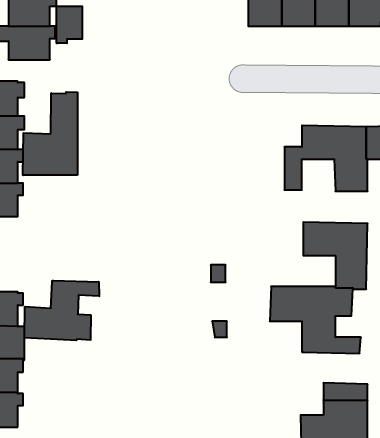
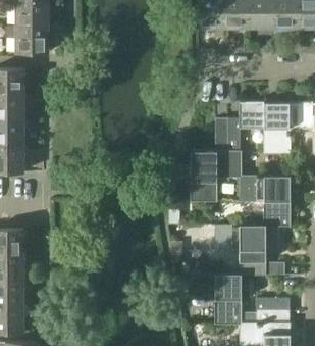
building: [57,6,82,43] -> none
building: [23,92,77,175] -> none
building: none -> [191,118,241,200]
building: [24,281,99,340] -> none
building: none -> [191,274,256,324]

